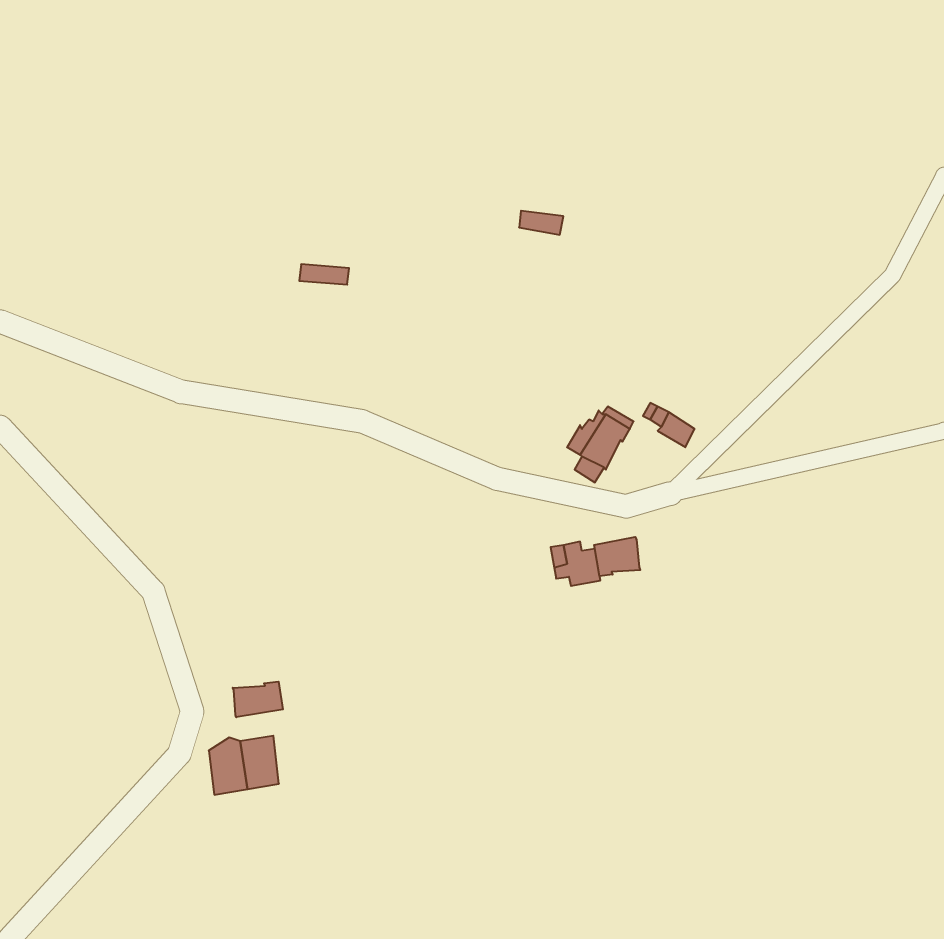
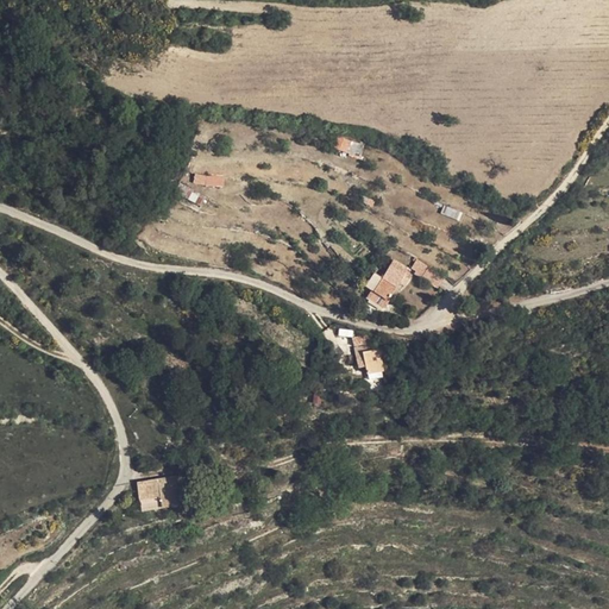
building: [594,537,640,576] -> none
building: [233,682,283,717] -> none

